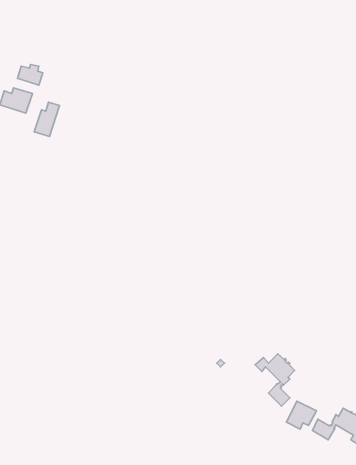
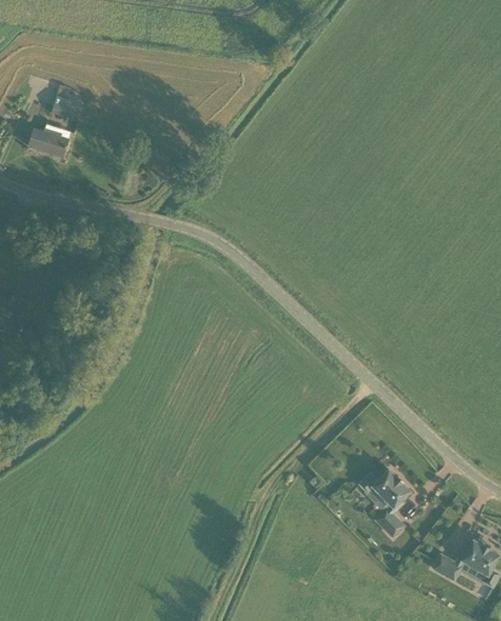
building: [34,102,60,136] -> none
building: [286,401,316,429] -> none

